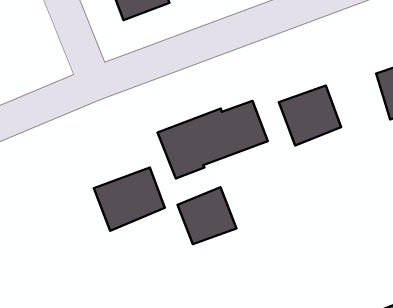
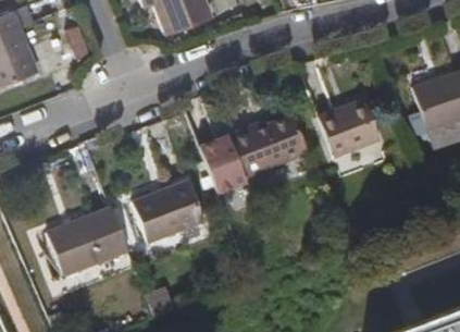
building: [178,187,237,244] -> none
building: none -> [47,206,129,276]

